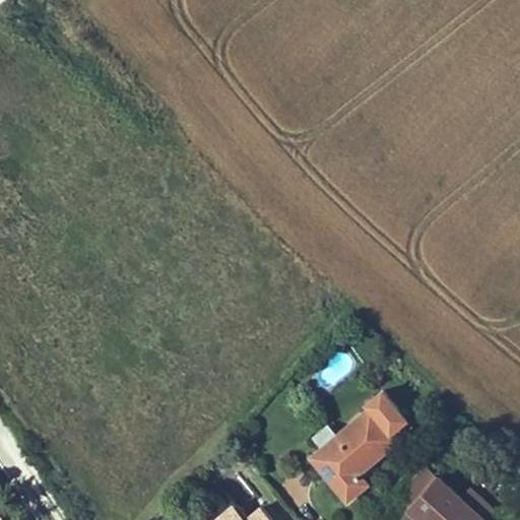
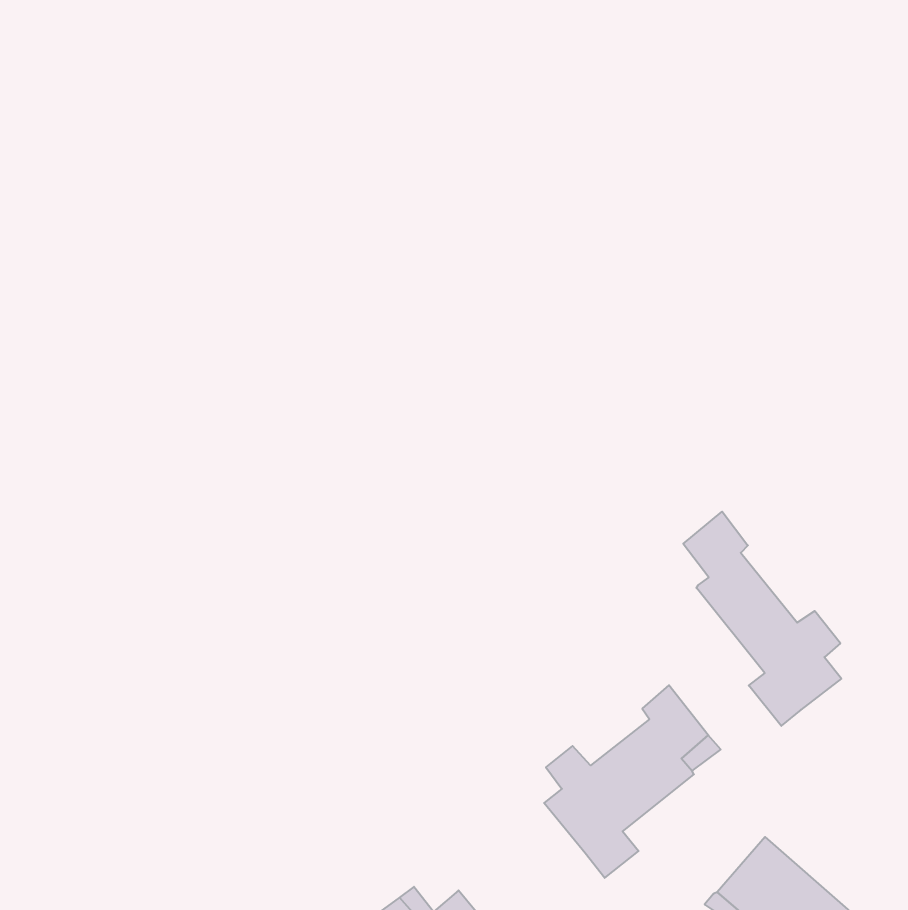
building: none -> [683,512,841,726]

